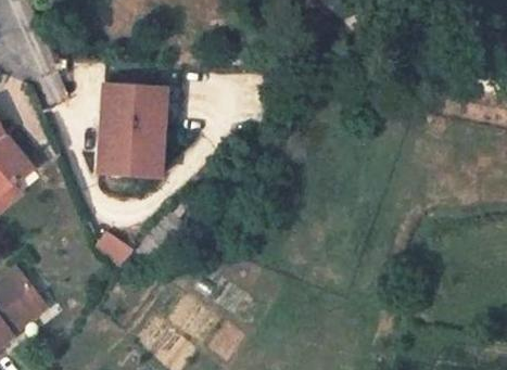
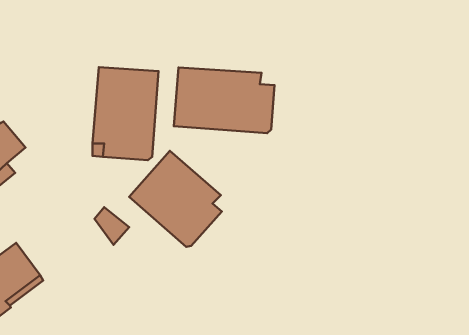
building: none -> [174,67,275,133]
building: none -> [129,151,222,247]

